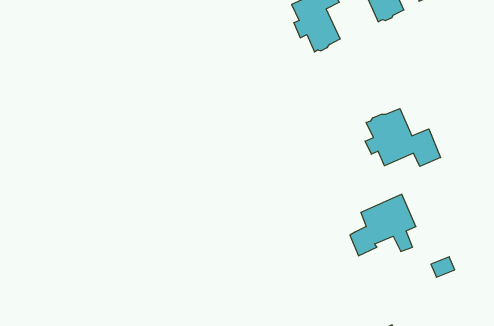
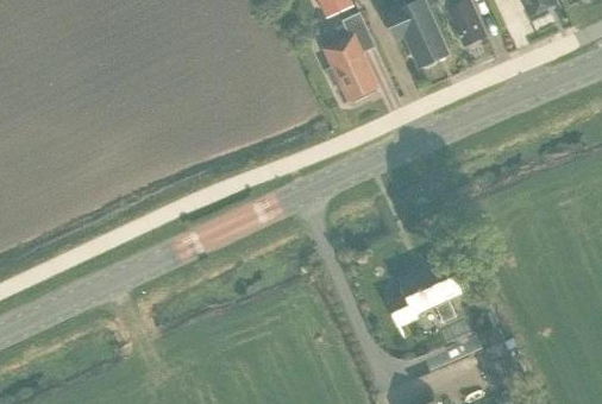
building: [365,109,441,166] -> none

